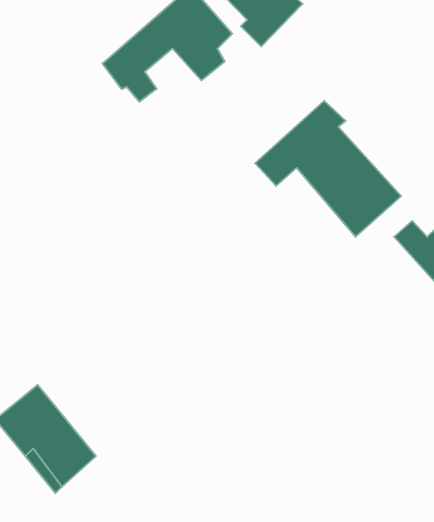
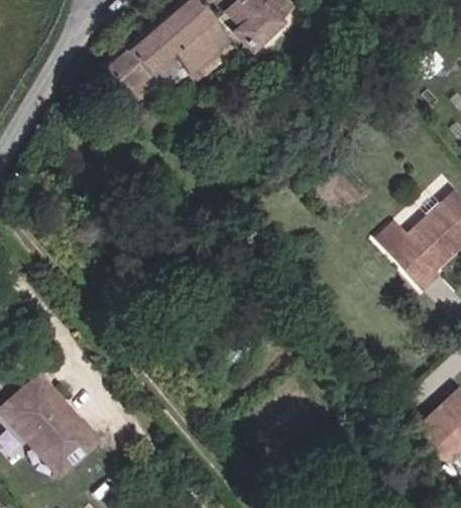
building: none -> [141,57,185,100]
building: [255,101,401,237] -> none

